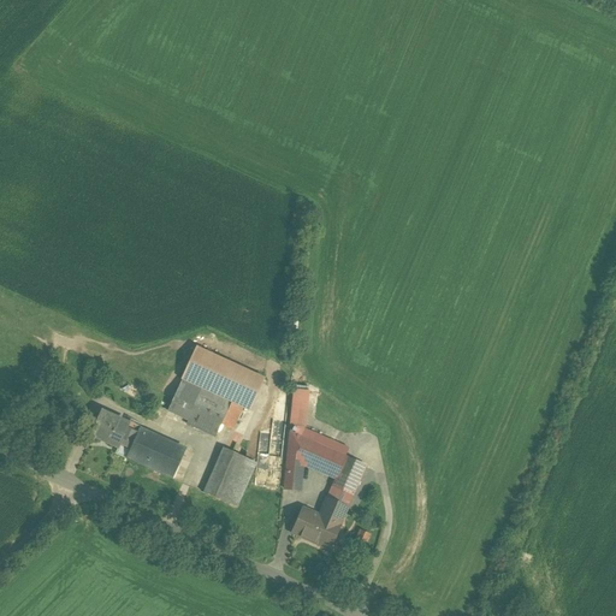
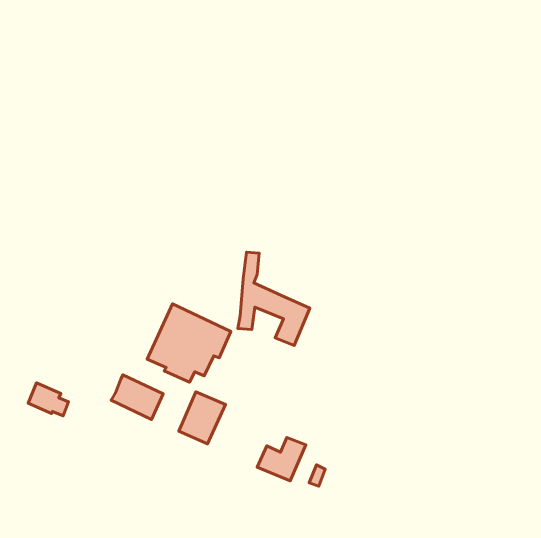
building: [284,399,366,505] -> [238,252,310,345]
building: [91,409,137,446] -> [28,383,68,416]

